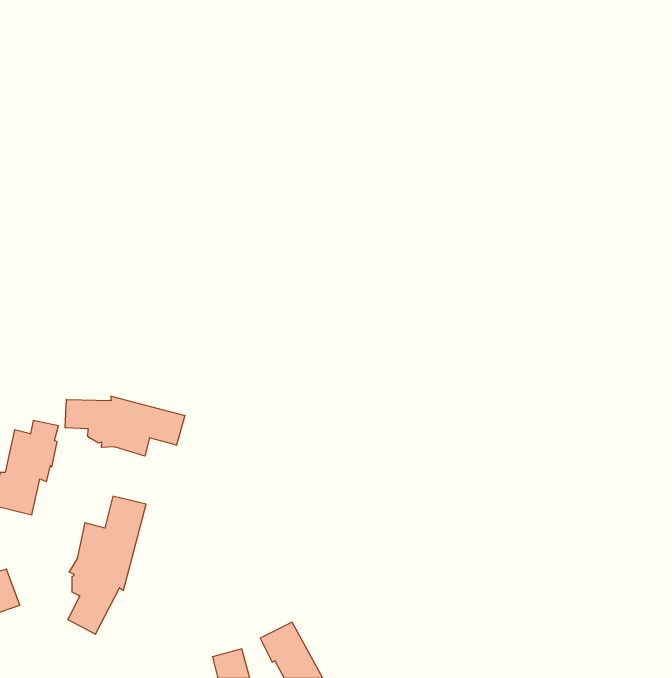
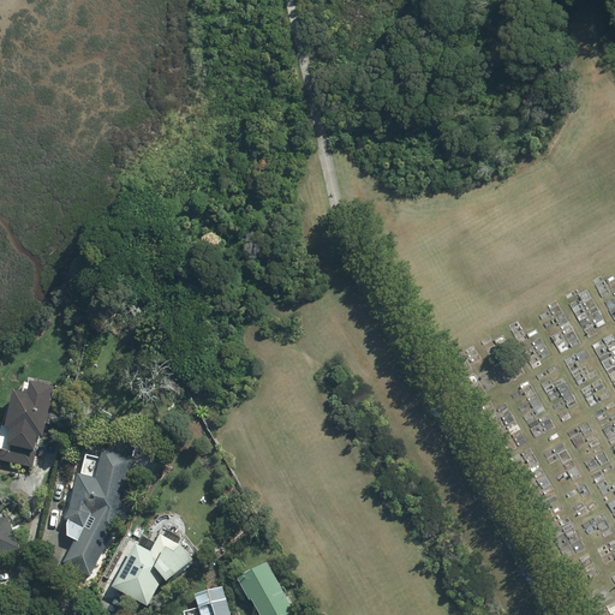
building: [65,396,185,456] -> none
building: none -> [111,535,191,604]

